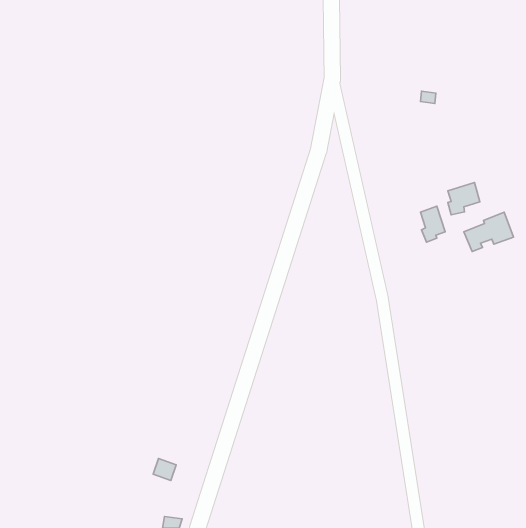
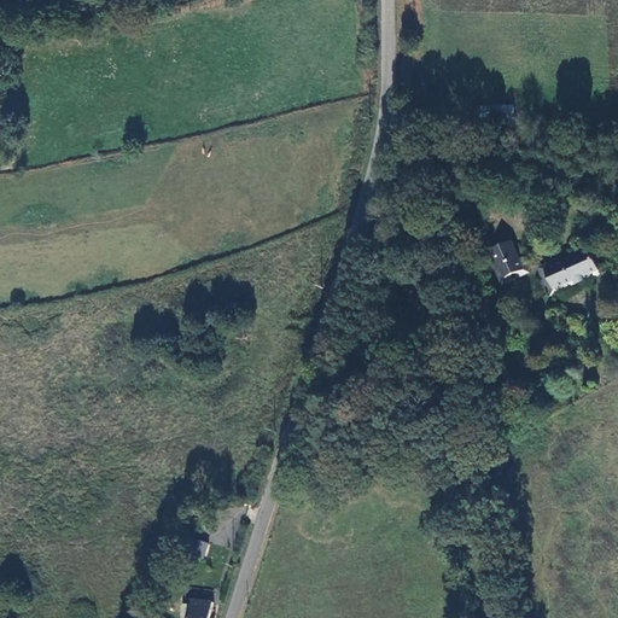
building: [448,182,480,215] -> none

